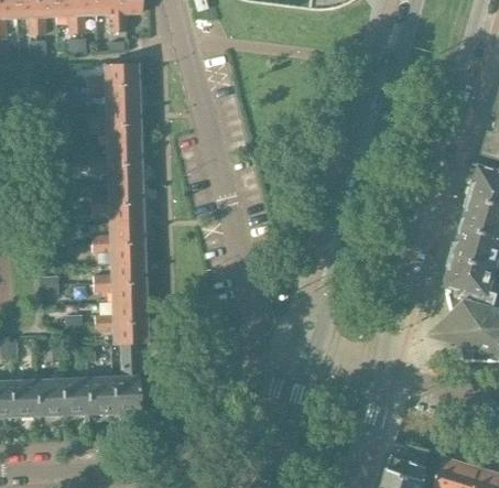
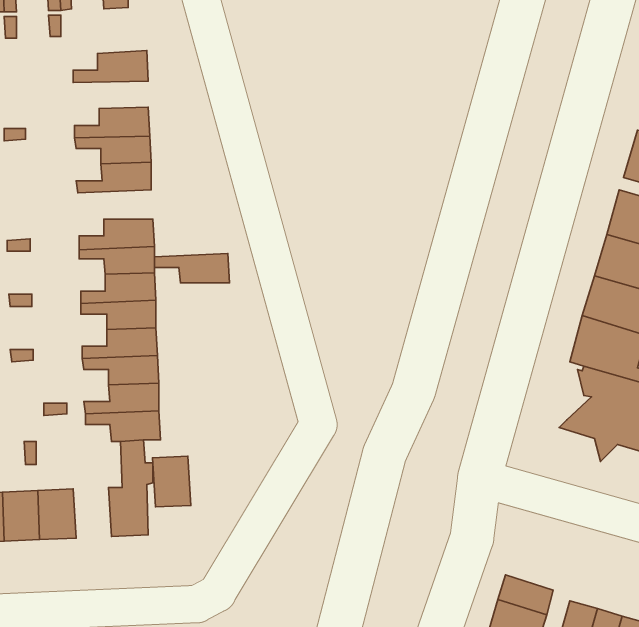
building: [86,85,140,105] -> none
building: [89,163,143,184] -> [154,254,230,283]
building: [86,377,113,413] -> [153,456,191,507]

